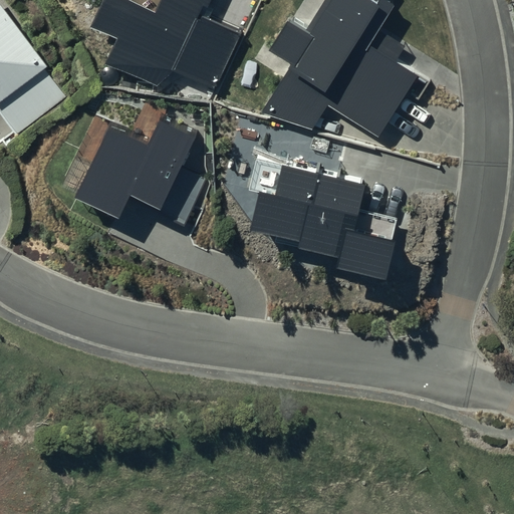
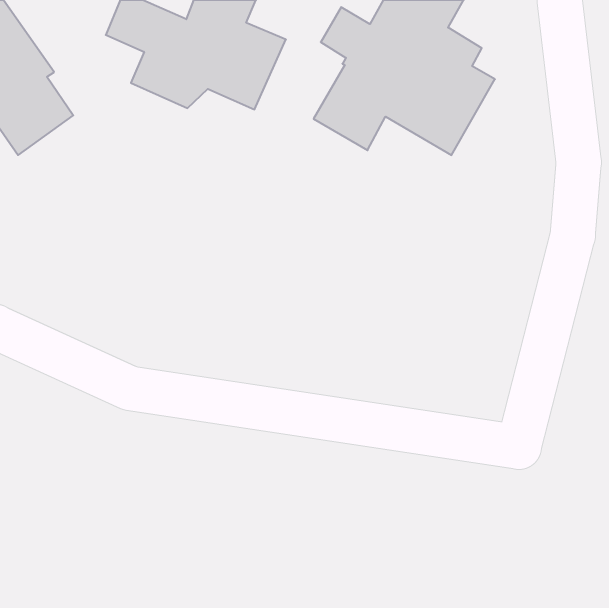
building: [74,121,202,226] -> none
building: [249,160,401,275] -> none

